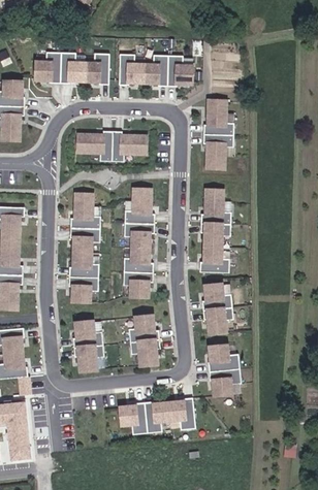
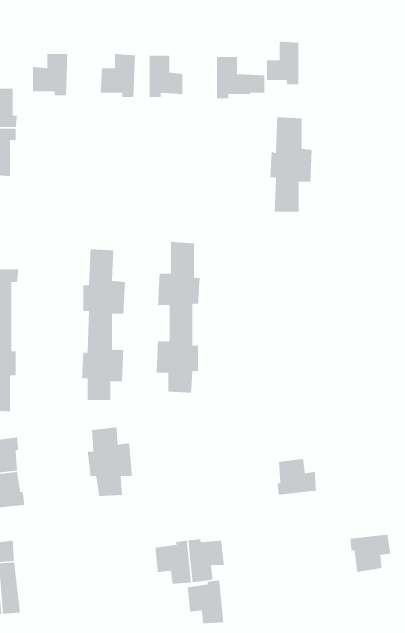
building: [58,53,83,84] -> none
building: [141,54,165,86] -> [266,41,299,85]
building: [75,131,145,161] -> none
building: [200,188,231,271] -> none
building: [202,282,235,333] -> none
building: [128,315,160,365] -> none
building: [210,367,240,395] -> [349,534,391,573]
building: [169,397,196,429] -> [187,580,224,624]

